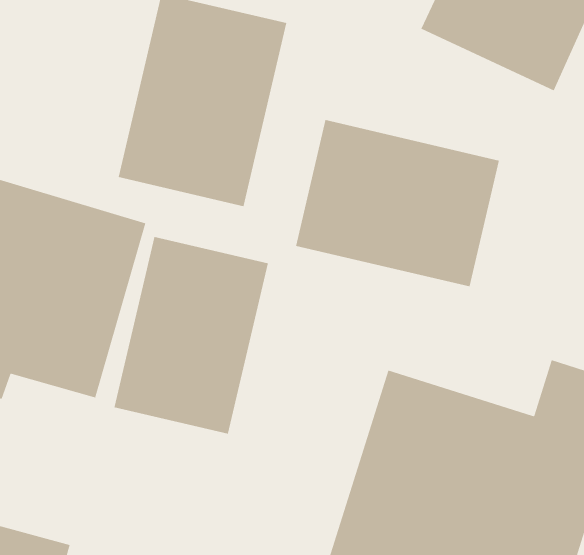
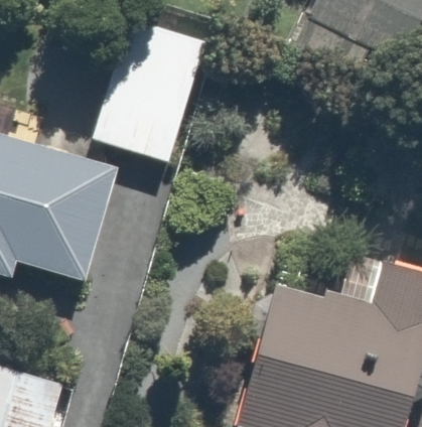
building: [296,119,500,287] -> none
building: [114,236,268,435] -> none

